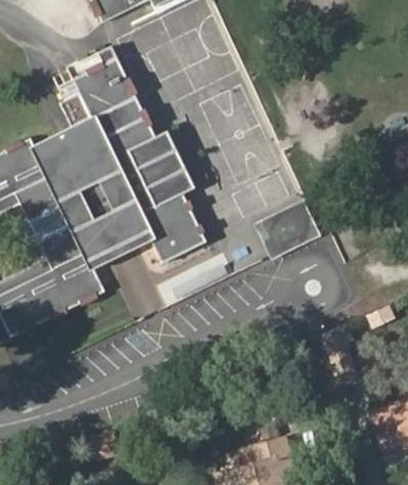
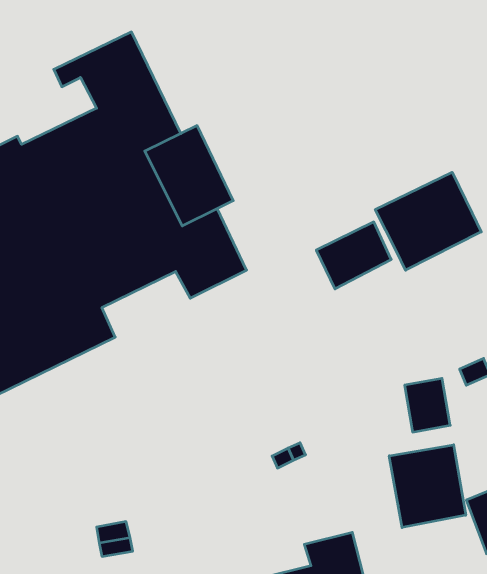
building: none -> [375,172,481,270]
building: none -> [389,445,466,528]

